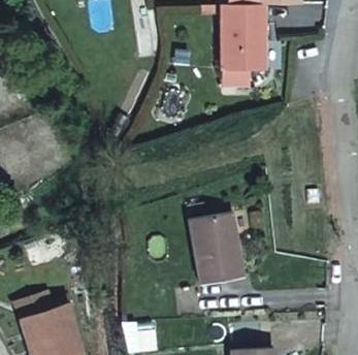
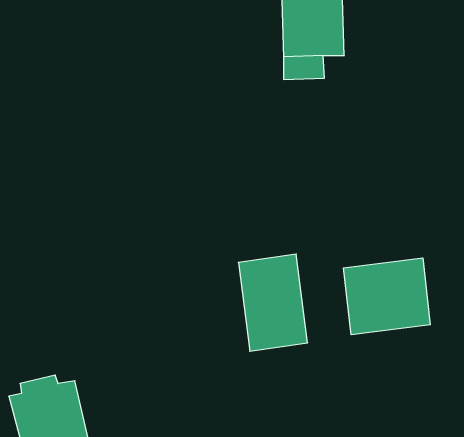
building: none -> [344,258,430,335]

